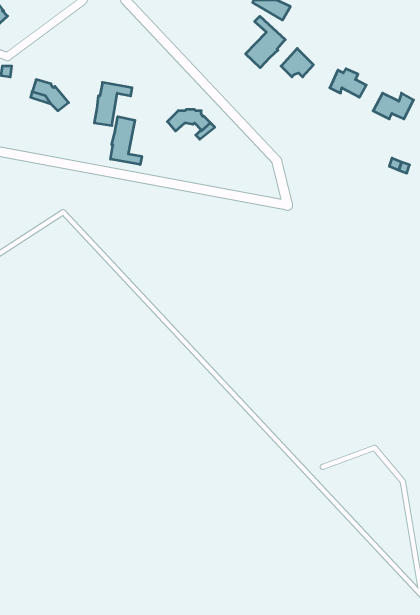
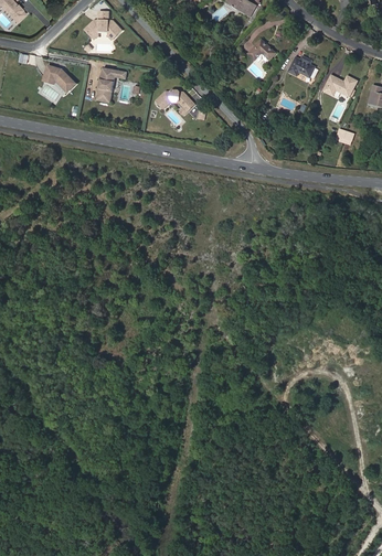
building: none -> [85,11,123,36]
building: [246,16,285,68] -> none
building: [111,117,142,165] -> none

